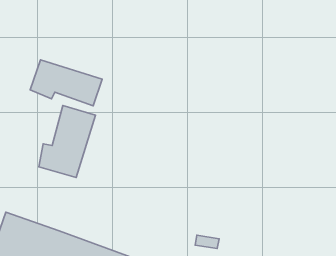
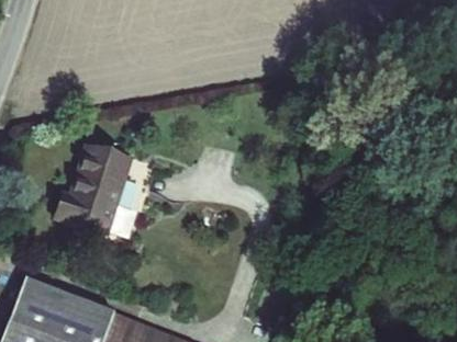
building: [30,60,102,106] -> none

